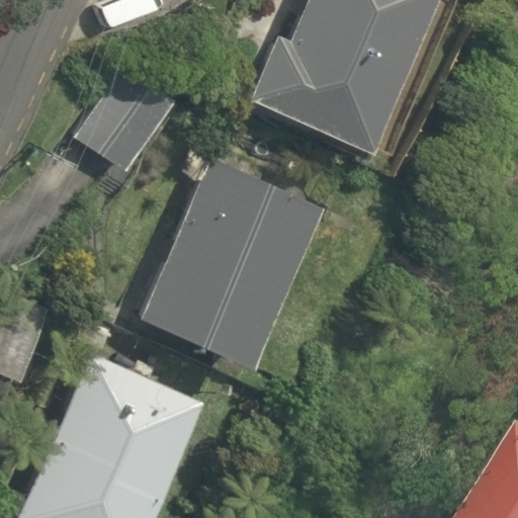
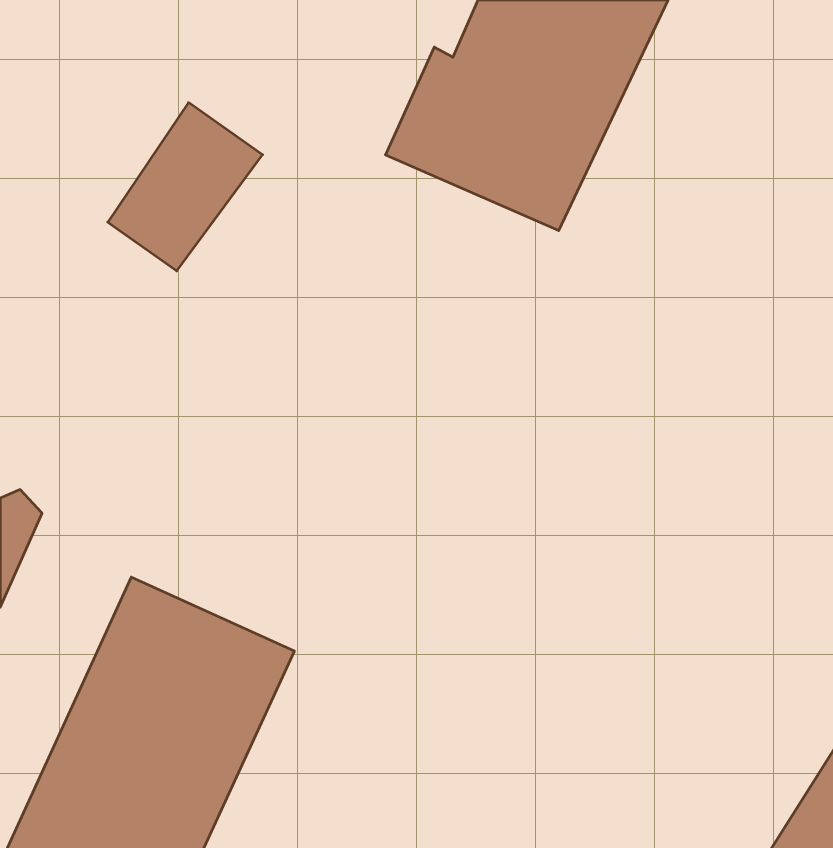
building: [139,161,315,364] -> none

